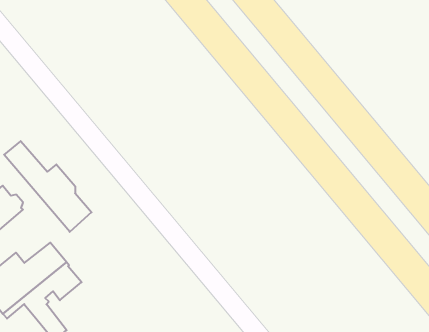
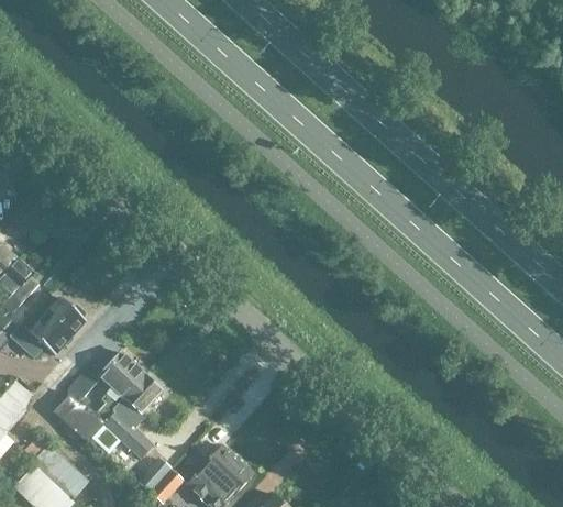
building: [4,141,92,232] -> none

